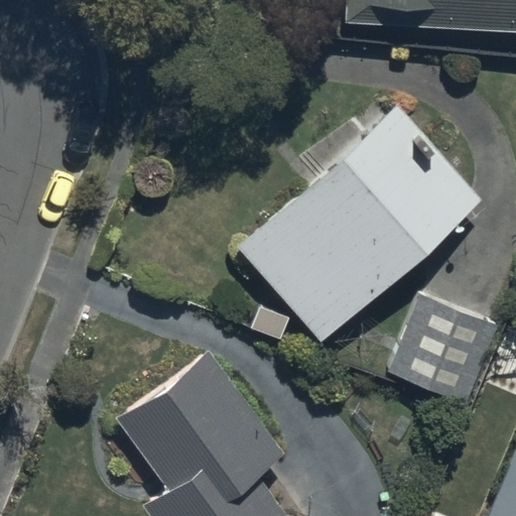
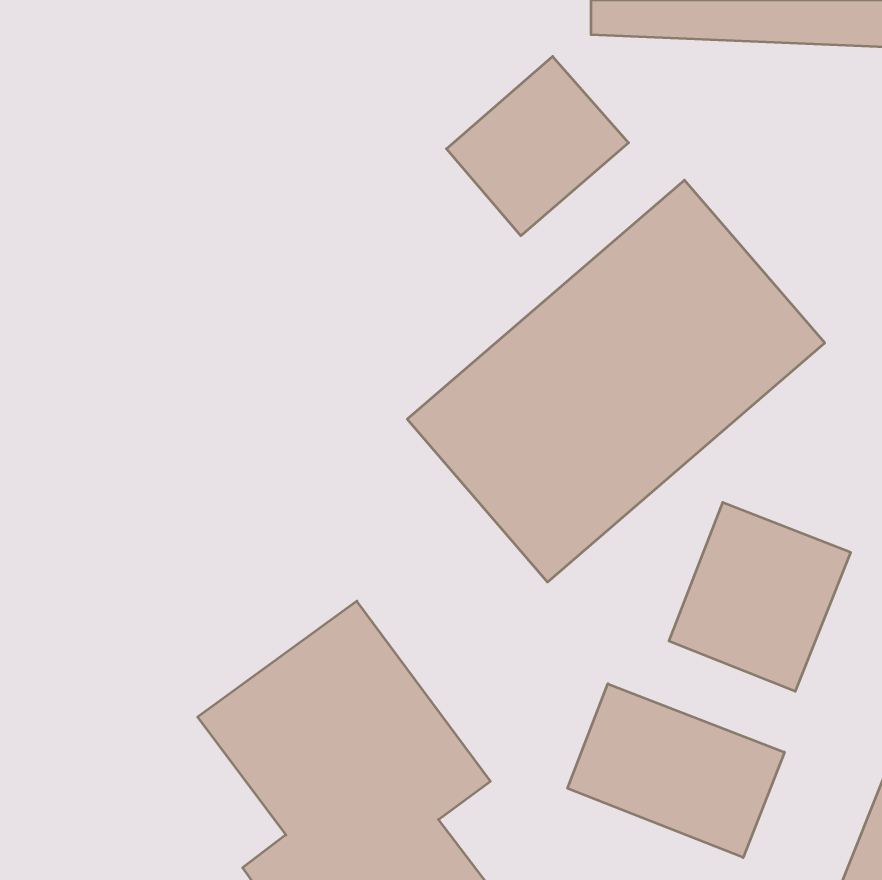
building: none -> [446,56,629,236]
building: none -> [568,684,784,858]

